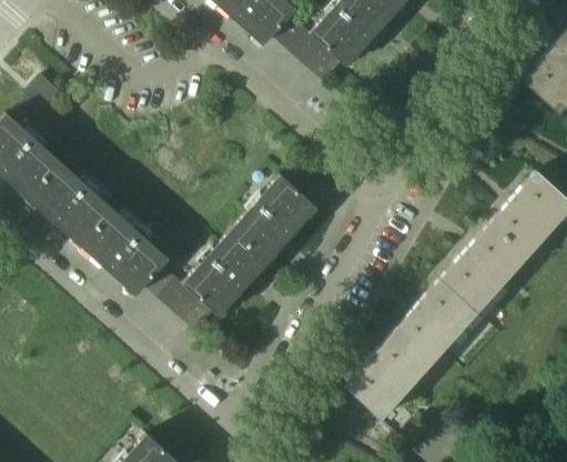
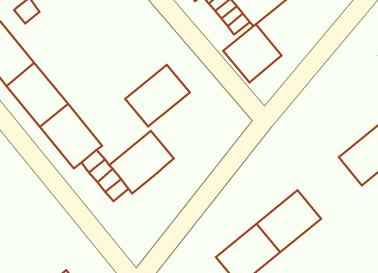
building: none -> [223,24,281,82]
building: [232,174,317,261] -> [125,65,190,127]
building: [441,224,526,311] -> none

